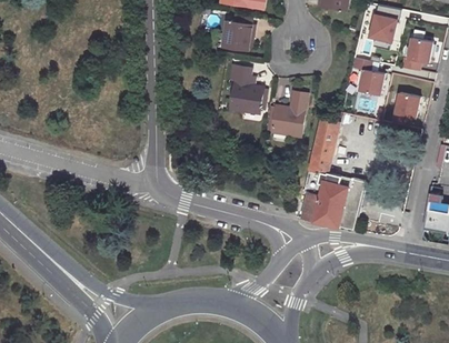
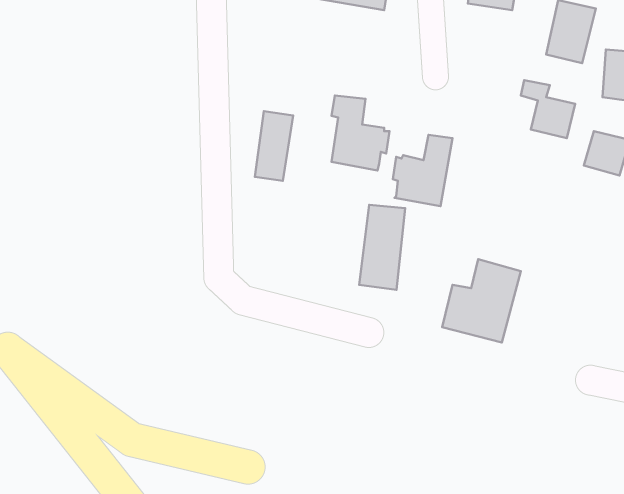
building: [222,14,256,51] -> none
building: none -> [255,111,293,181]
building: [311,115,341,171] -> [359,205,405,290]

